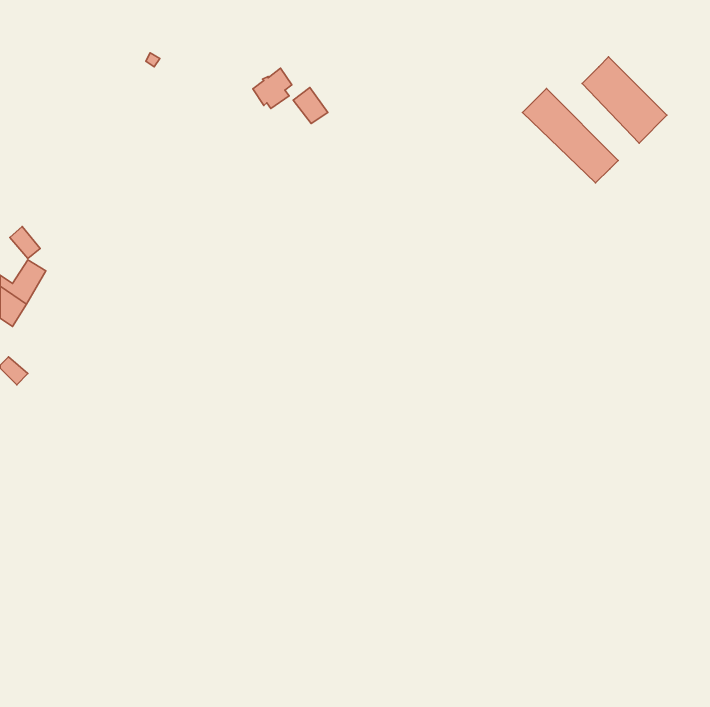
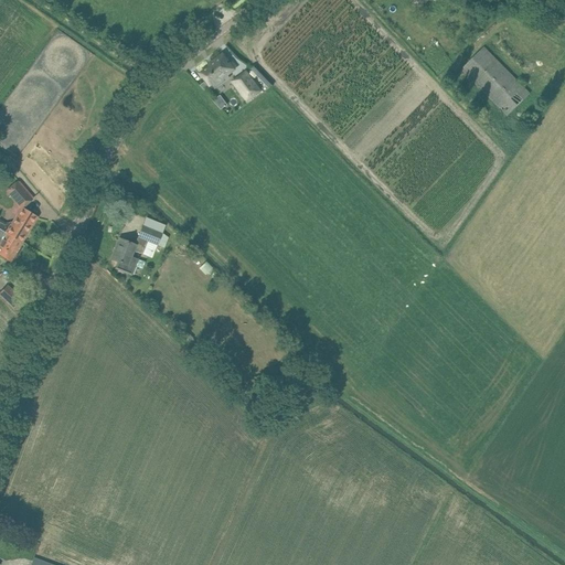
building: [523,89,618,183] -> none
building: none -> [110,223,168,271]

